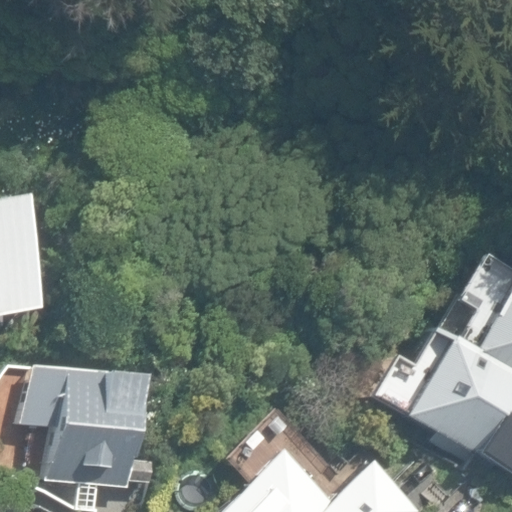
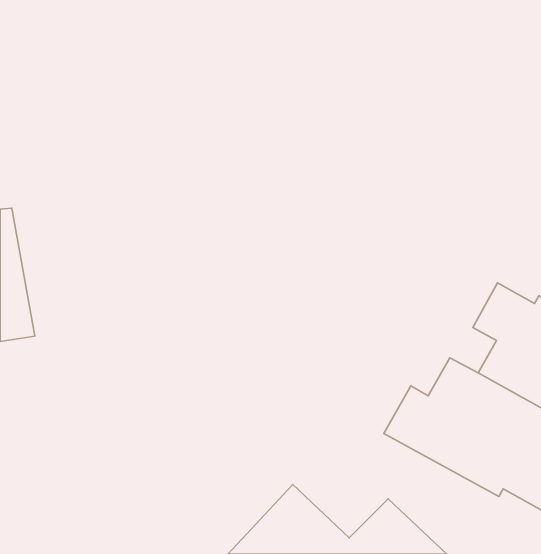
building: [22,368,145,500] -> none

